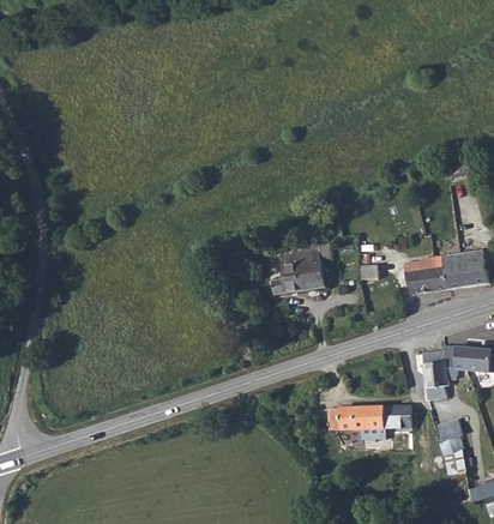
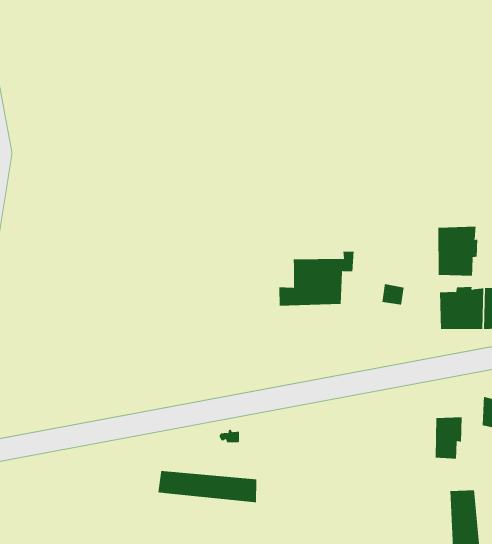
building: none -> [438,226,478,276]
building: [327,404,409,426] -> [158,471,257,503]

